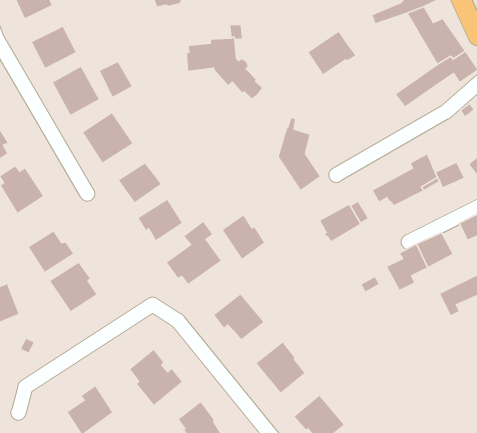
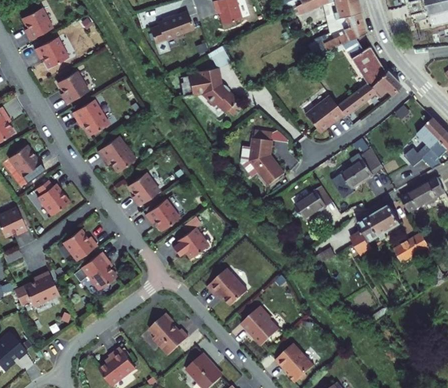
building: [307,31,357,75] -> [307,96,345,131]
building: [99,61,133,98] -> none
building: [222,215,265,260] -> none

